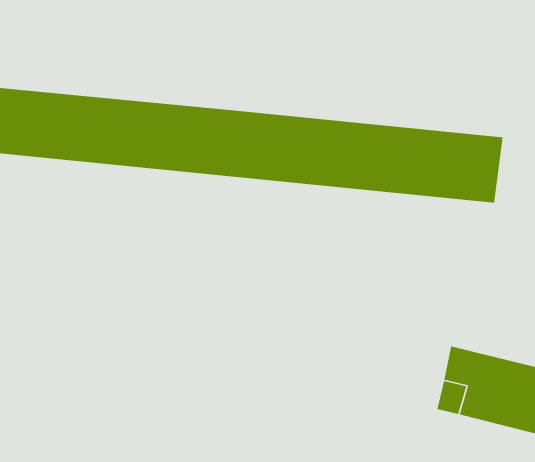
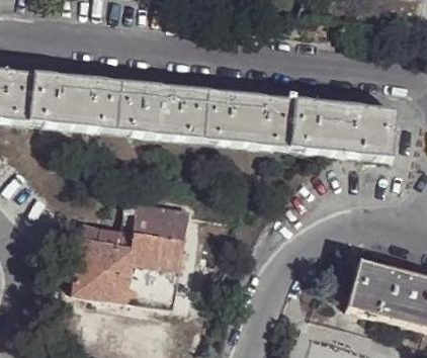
building: none -> [74,199,189,308]

